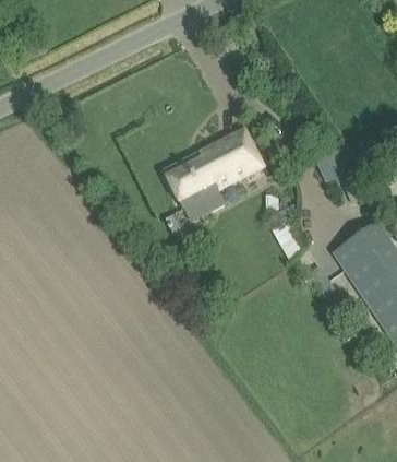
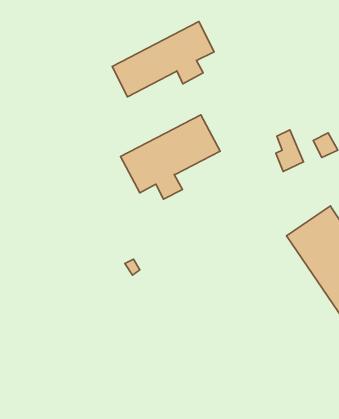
building: none -> [112,21,214,97]

